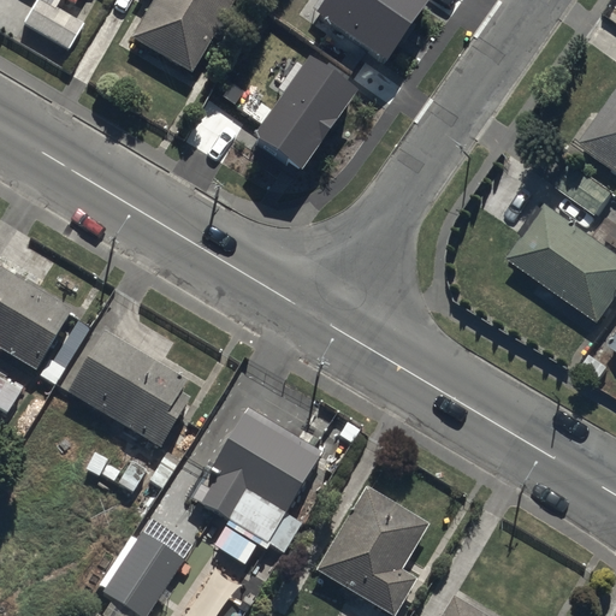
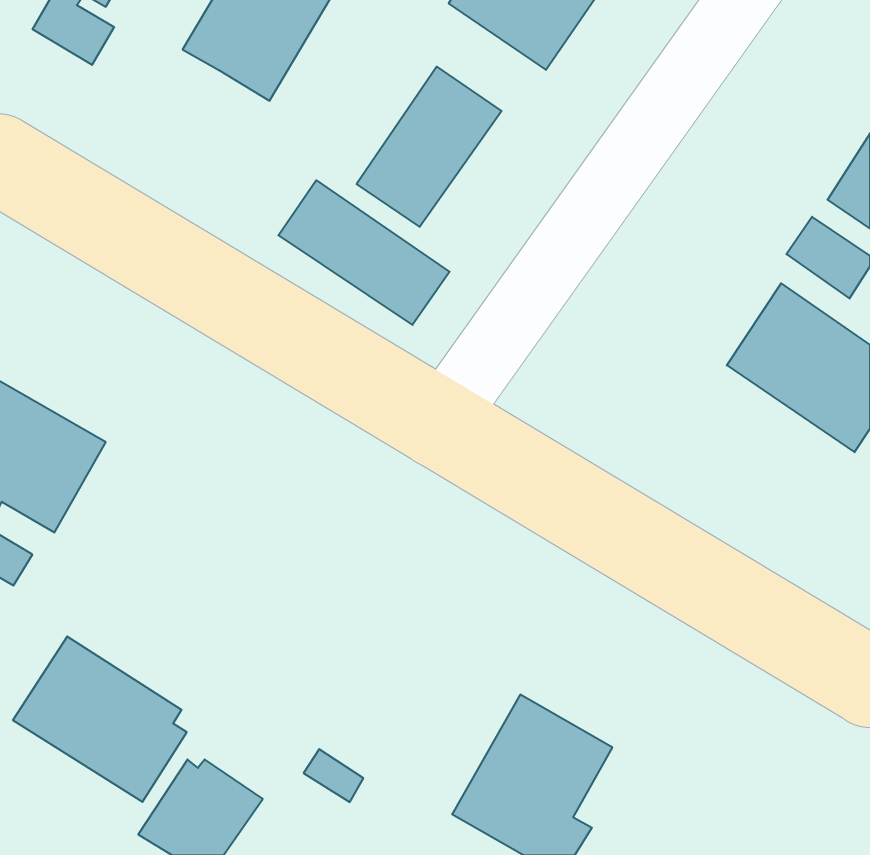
building: none -> [278,180,450,325]
building: [71,334,194,451] -> [13,636,187,802]
building: [199,415,326,555] -> none

